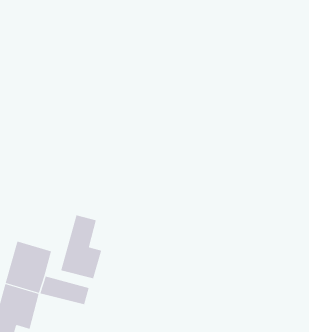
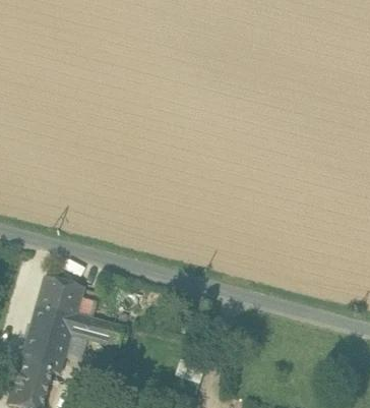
building: [61,215,102,279] -> none

